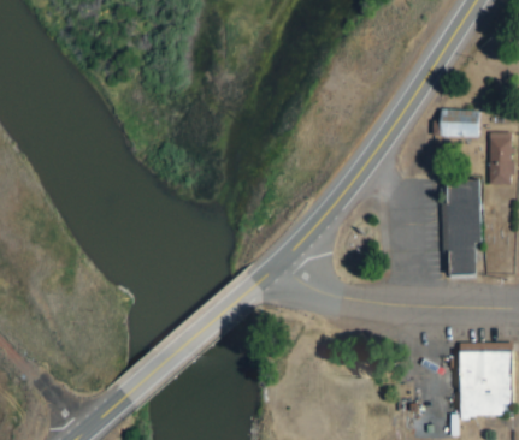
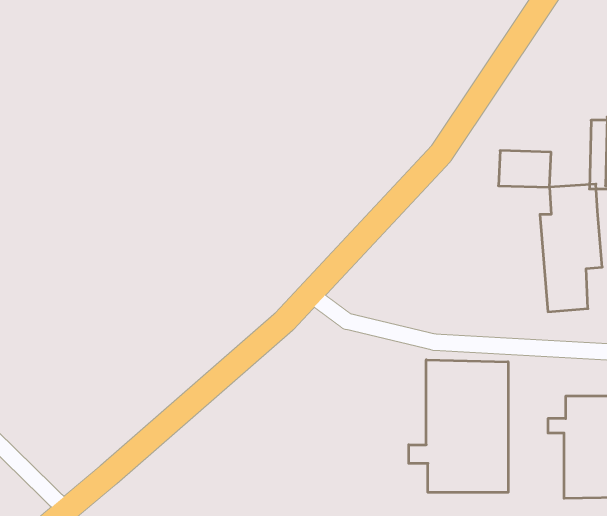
building: [443,111,483,138] -> [498,151,551,187]
building: none -> [409,360,508,492]

